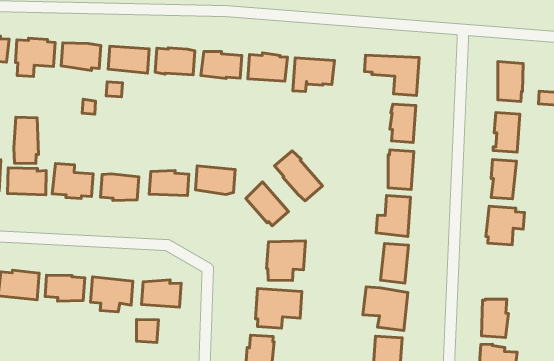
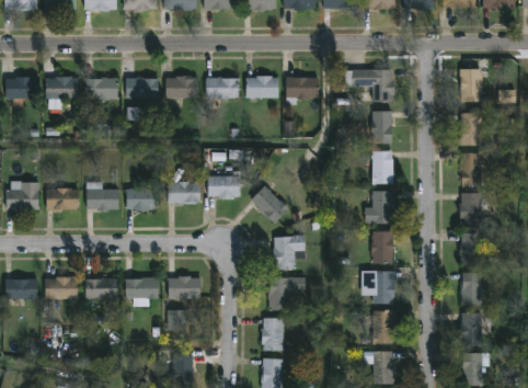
building: [14,117,38,164] -> none
building: [275,151,323,201] -> none
building: none -> [461,232,483,265]

